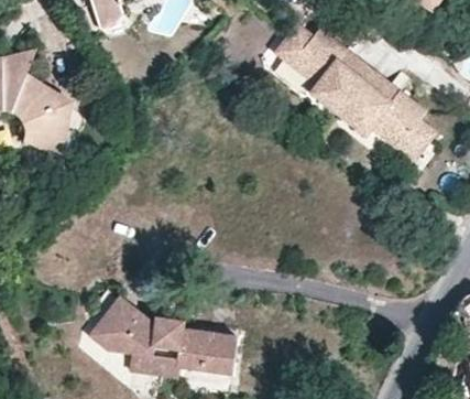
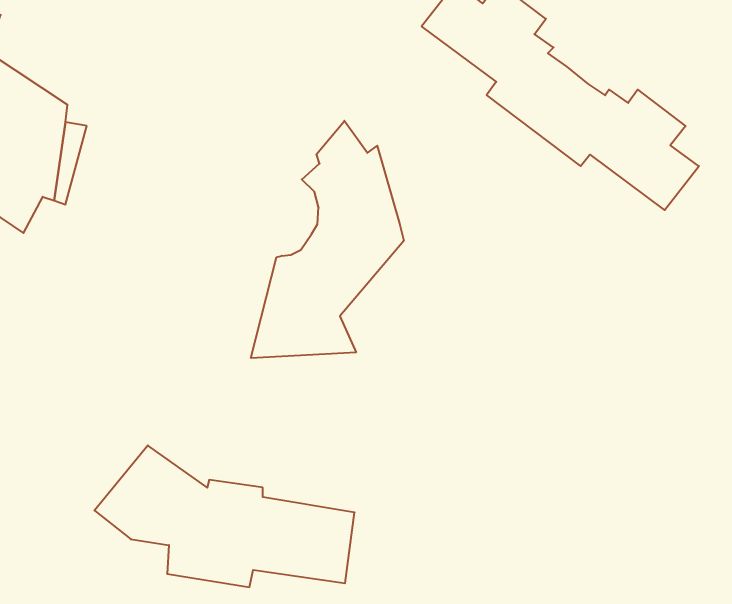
building: none -> [251,121,404,358]

